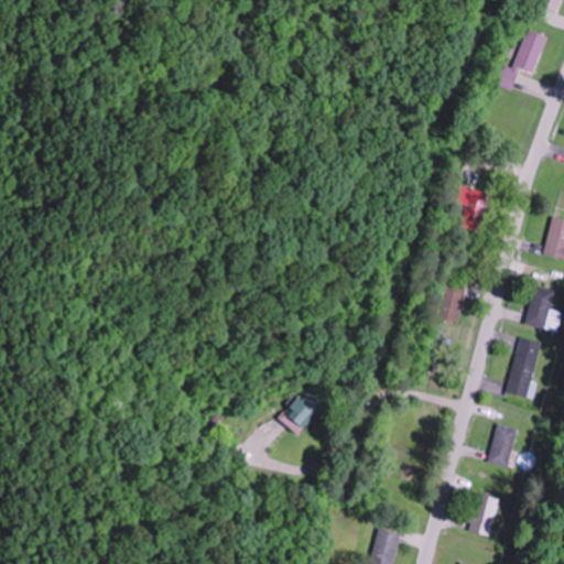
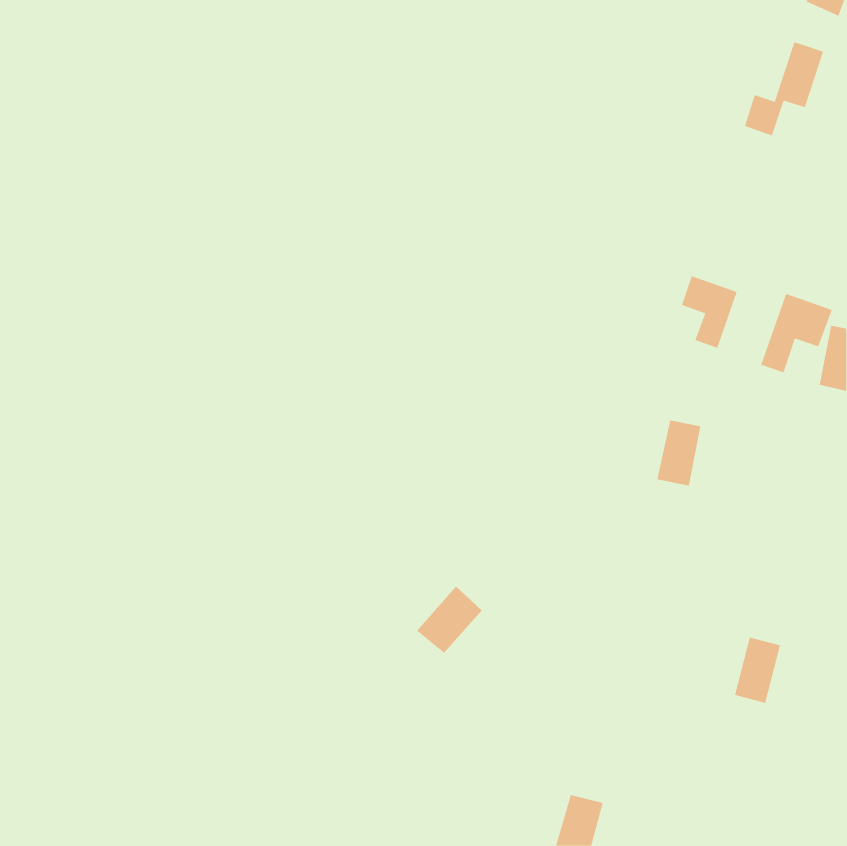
building: none -> [761,293,832,373]
building: [525,285,555,329] -> none
building: [508,337,541,397] -> none
building: [474,496,495,533] -> none

